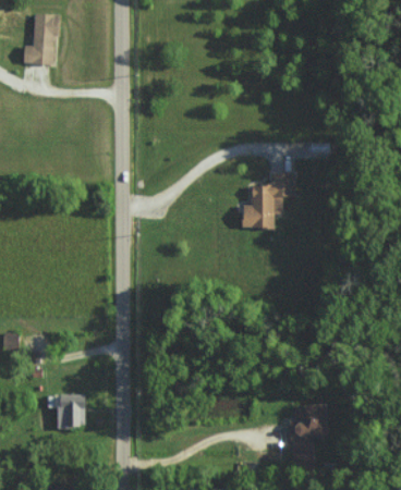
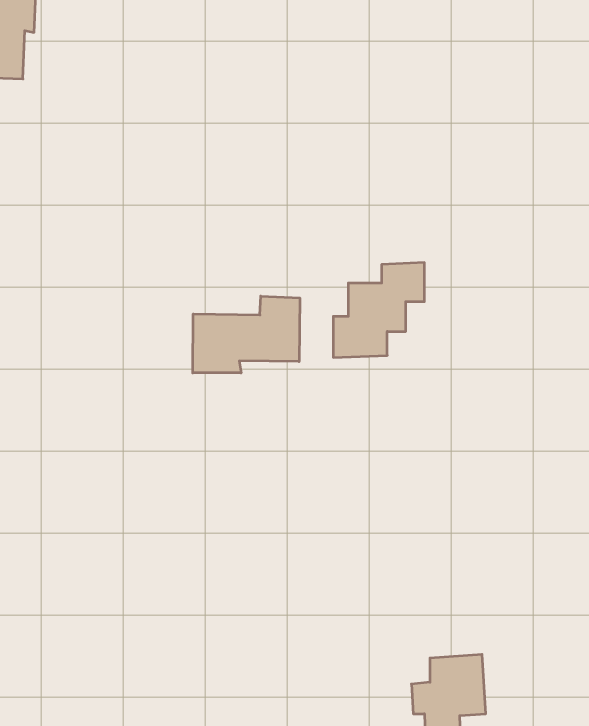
building: none -> [193,296,300,373]
building: [49,395,82,428] -> none

